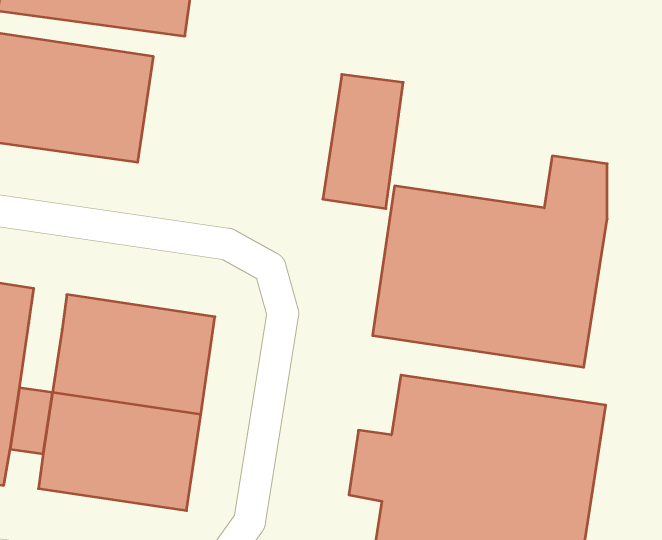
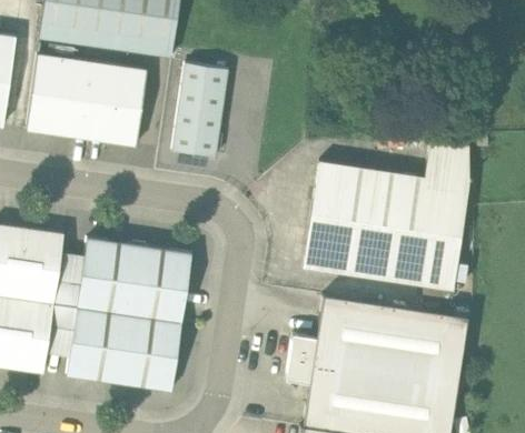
building: [323,74,403,209] -> [171,63,228,158]
building: none -> [53,259,83,308]

